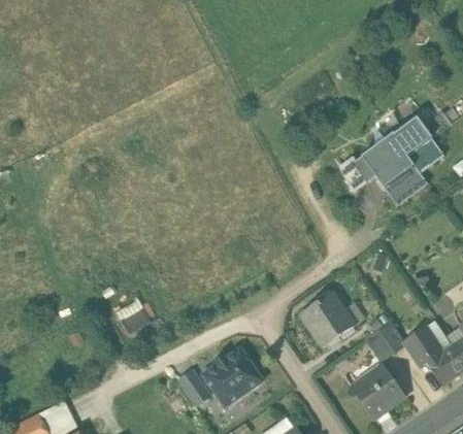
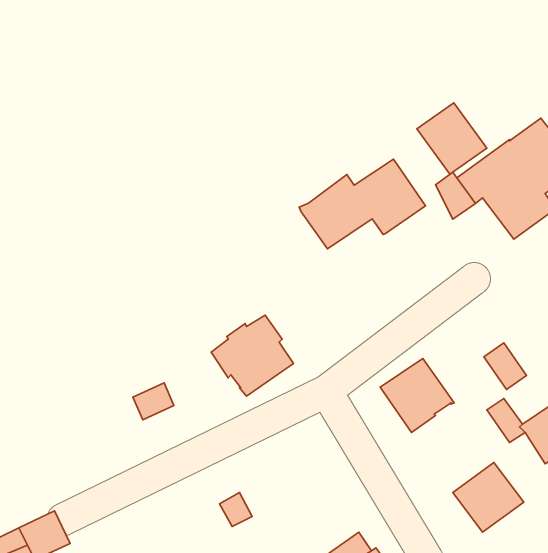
building: none -> [417,103,487,174]
building: none -> [299,159,425,249]
building: [363,328,394,362] -> [484,343,527,390]
building: [201,346,261,405] -> [211,315,294,396]

